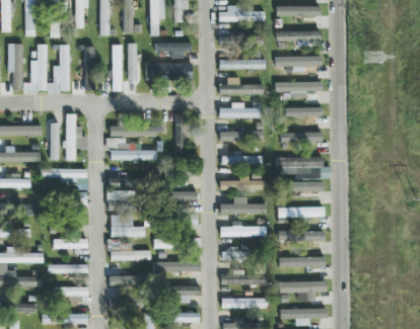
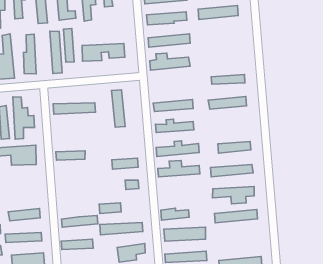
building: [156,43,192,59] -> none
building: [276,56,322,72] -> none
building: [276,81,323,98] -> none
building: [219,99,262,118] -> none
building: [111,144,157,160] -> none
building: [277,157,332,178] -> none
building: [108,190,137,211] -> none
building: [111,215,144,237] -> none
building: [220,221,267,236] -> none
building: [279,280,326,301] -> none

